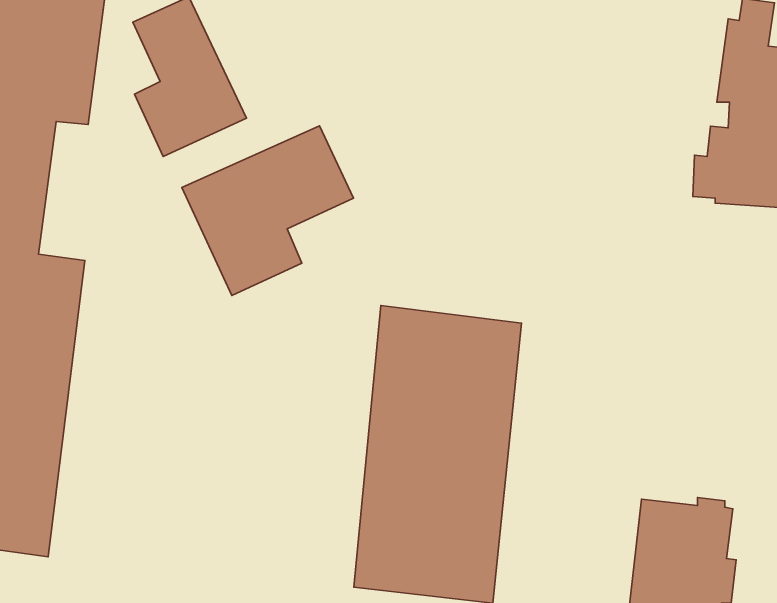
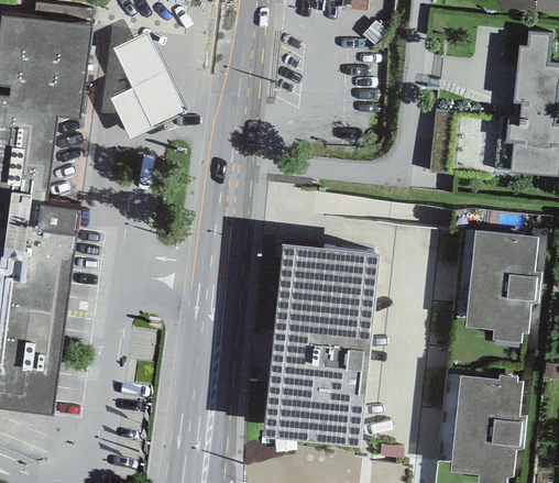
building: [182,126,353,295] -> none
building: none -> [464,228,540,340]

